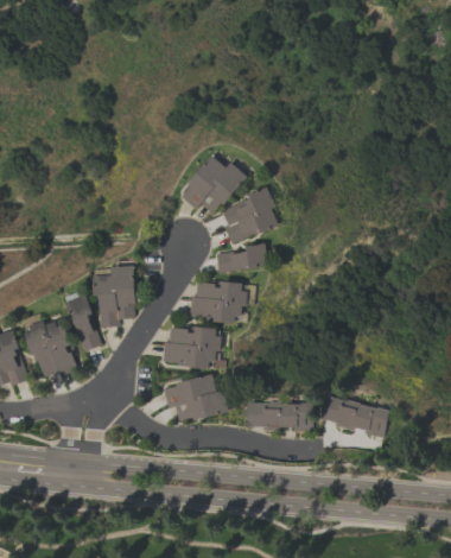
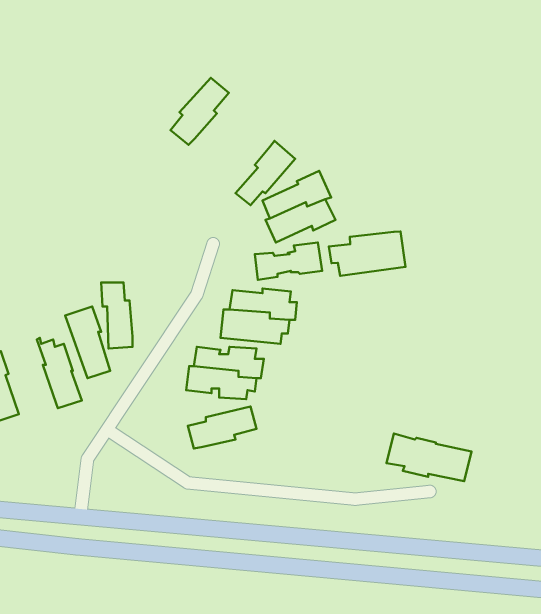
building: [180,156,227,209] -> [170,78,229,145]
building: none -> [329,232,405,276]
building: [110,266,136,318] -> none
building: [24,321,57,378] -> none
building: [173,391,228,421] -> none
building: [247,401,312,430] -> none

